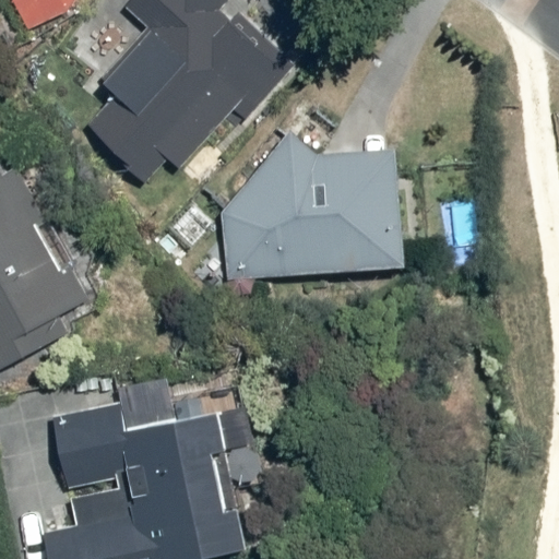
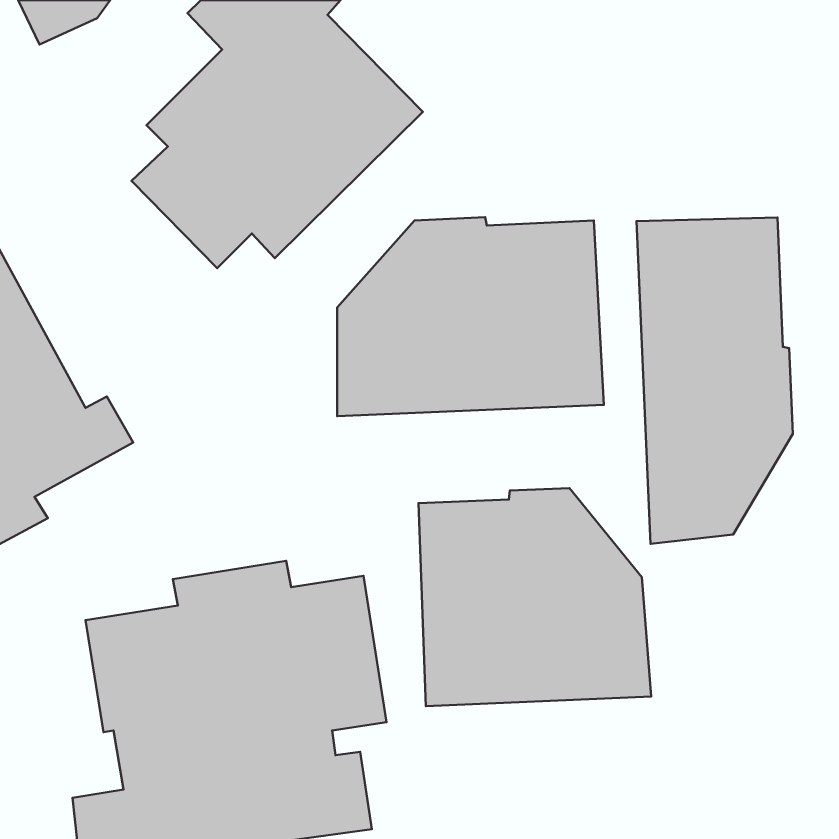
building: none -> [637,217,793,544]
building: none -> [419,488,651,706]

